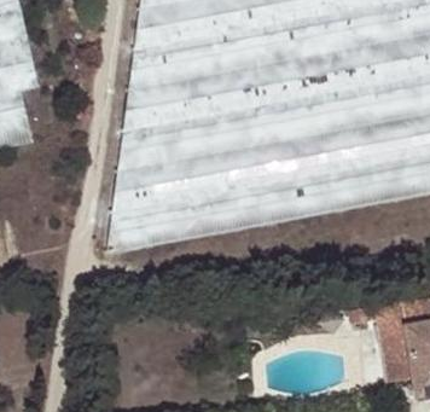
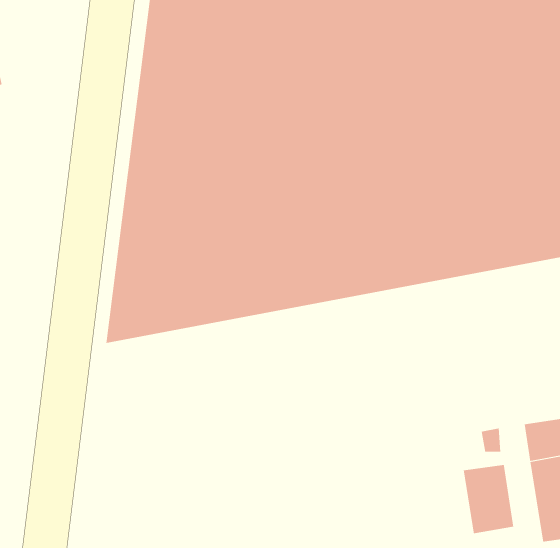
building: none -> [463,464,514,534]

